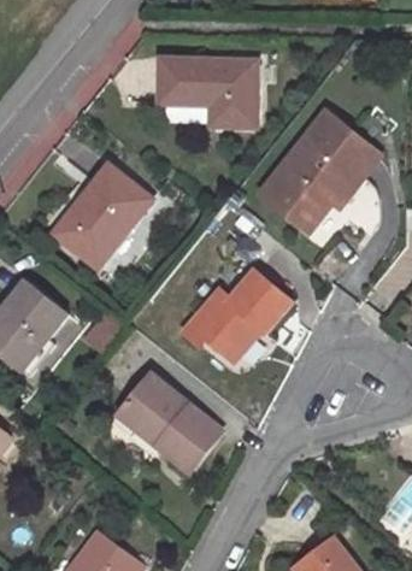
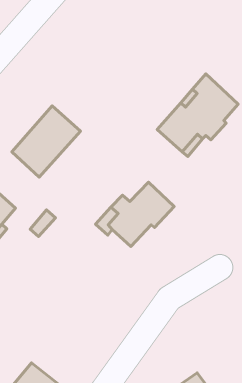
building: [169,52,266,118] -> none
building: [118,376,220,471] -> none

